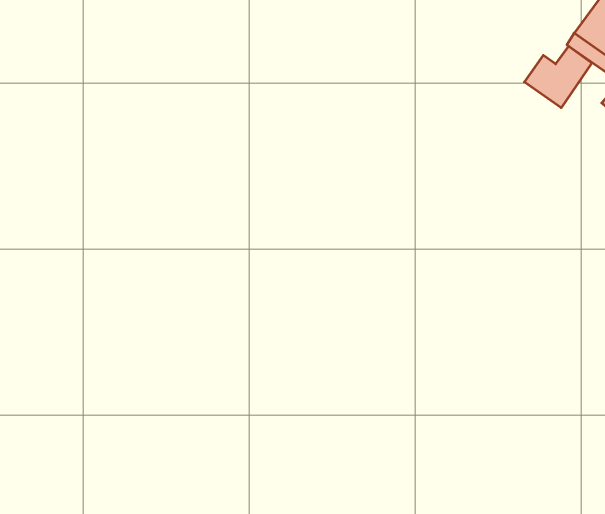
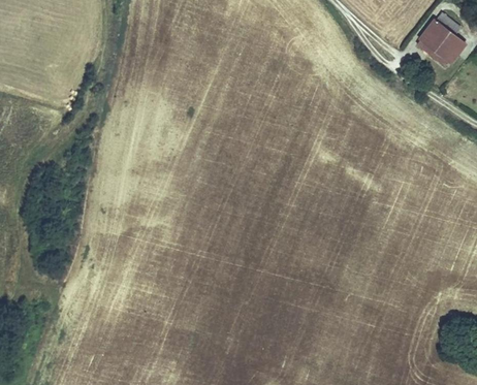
building: [524,46,592,108] -> none

